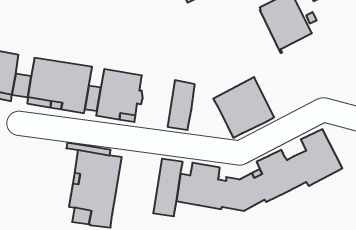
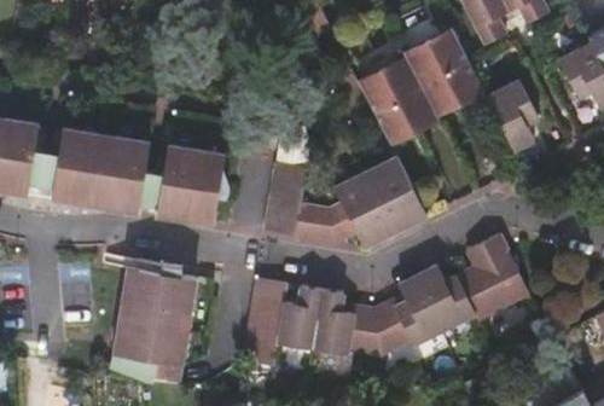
building: none -> [358,57,435,144]
building: none -> [486,80,538,150]
building: none -> [295,203,355,243]

